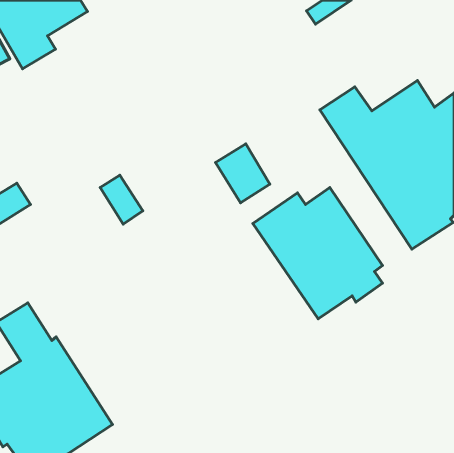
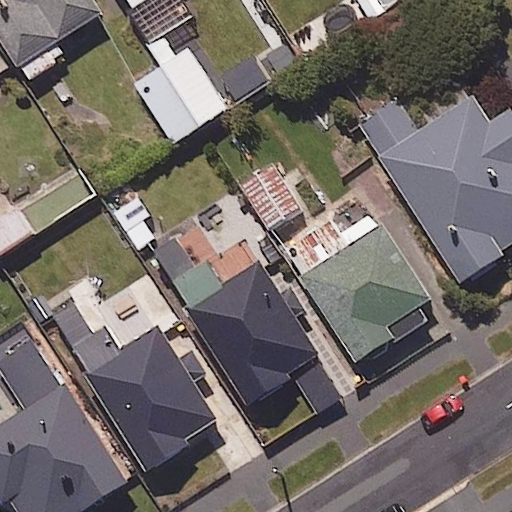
building: none -> [135,33,225,142]
building: none -> [157,229,342,414]
building: none -> [46,295,219,470]

